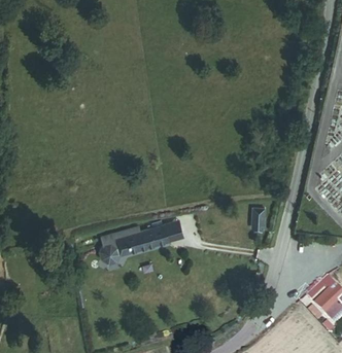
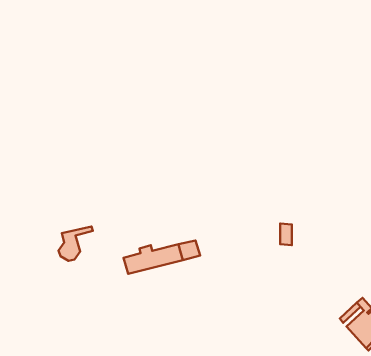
building: [97,231,128,261] -> [58,226,93,261]

